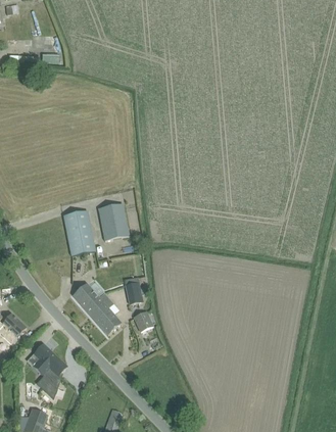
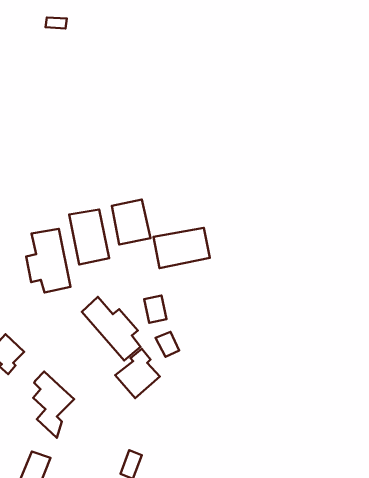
building: none -> [153,228,210,268]
building: none -> [26,229,70,292]
building: none -> [115,349,160,398]

